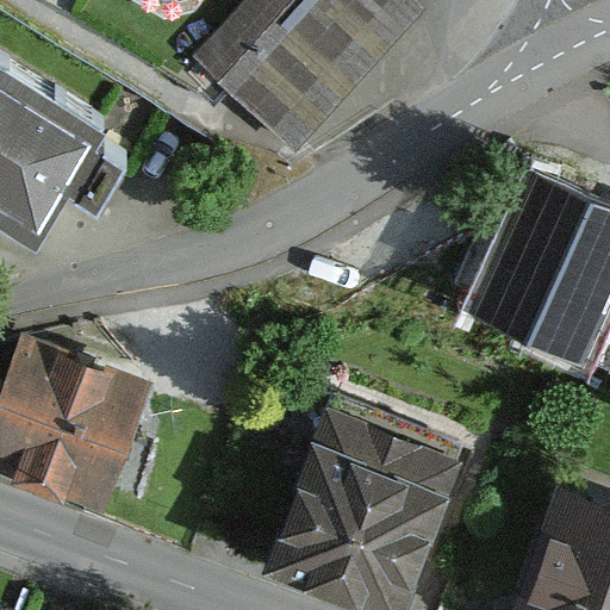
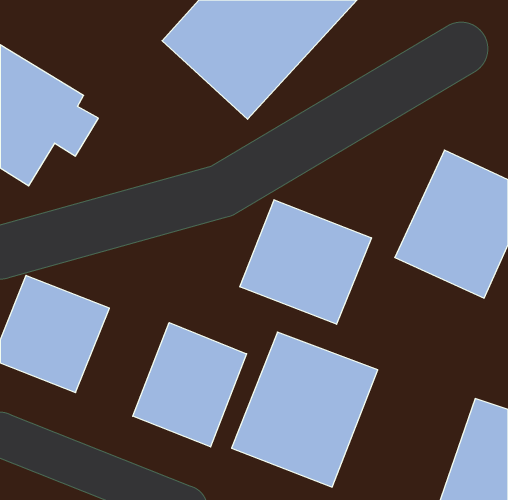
building: none -> [240,200,371,324]
building: none -> [133,323,247,447]

